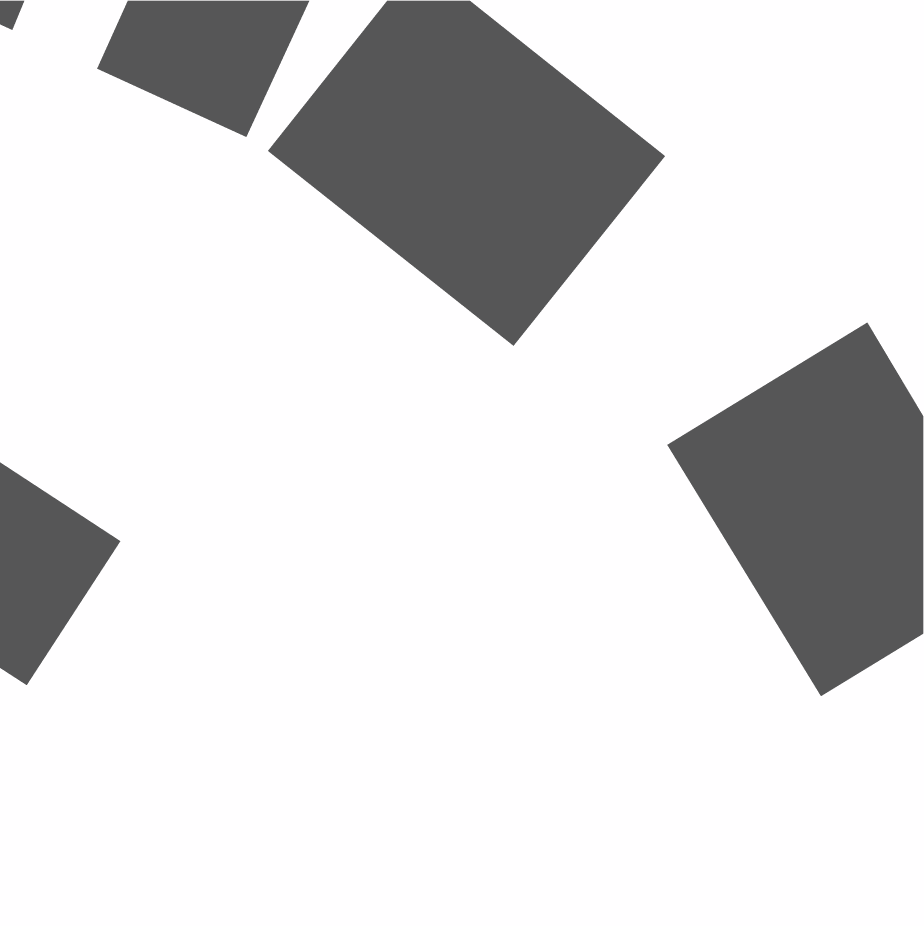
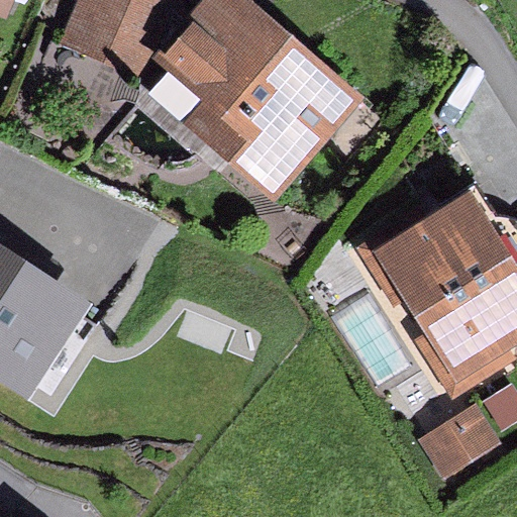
building: none -> [416,406,503,486]

